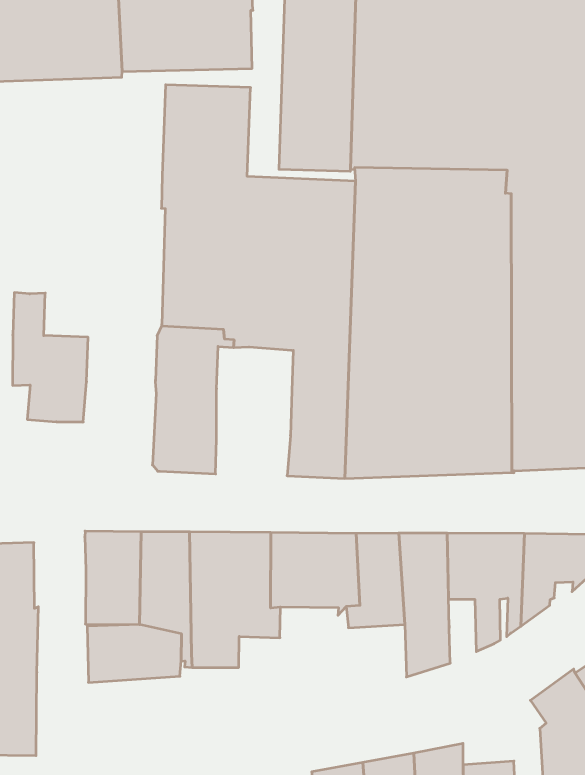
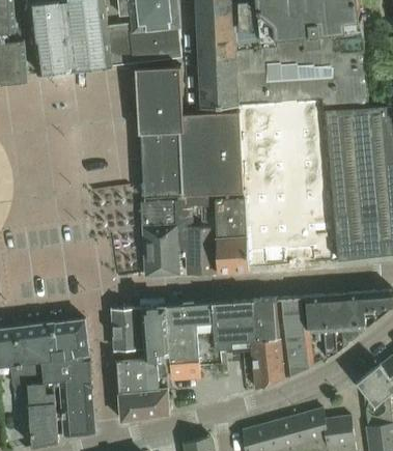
building: [13,293,88,422] -> [174,204,217,273]
building: none -> [250,339,289,388]
building: none -> [119,384,170,420]

